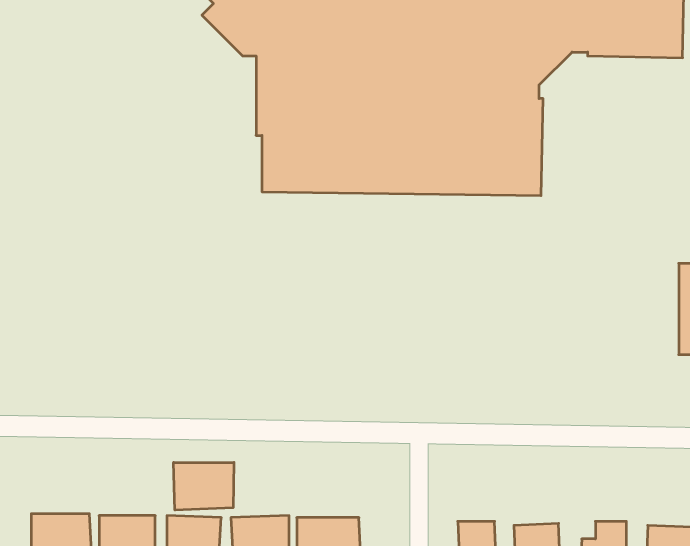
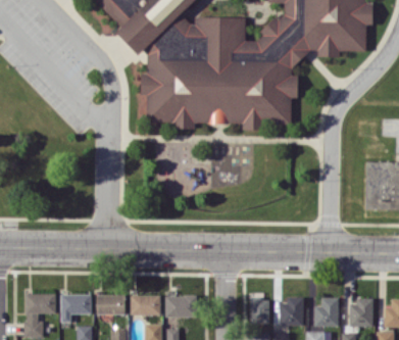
building: [174,462,234,510] -> none

